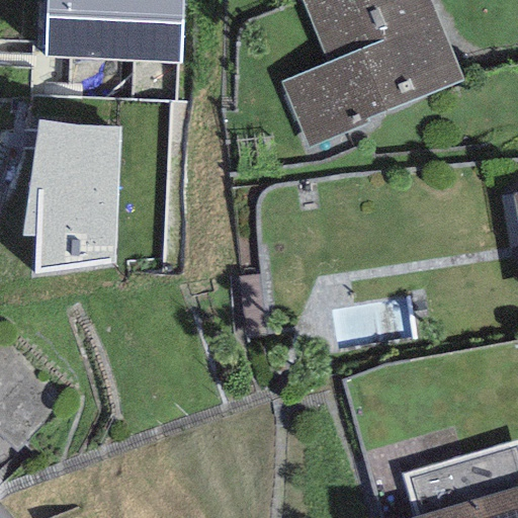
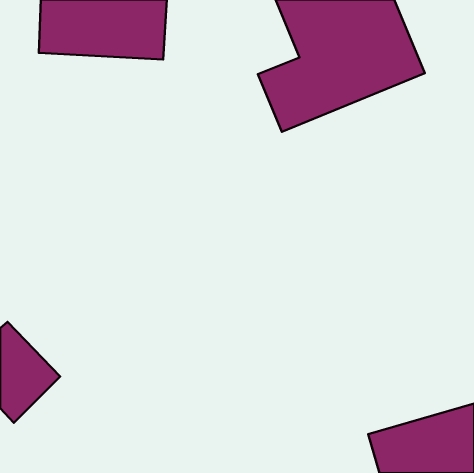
building: [22,119,121,273] -> none

